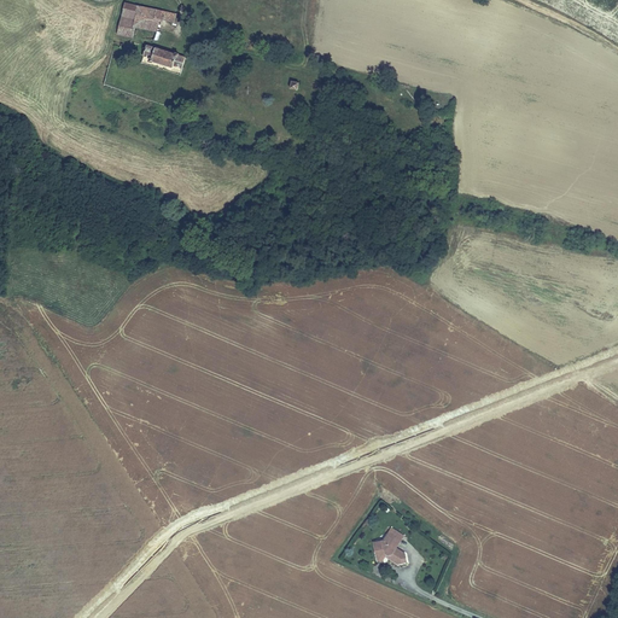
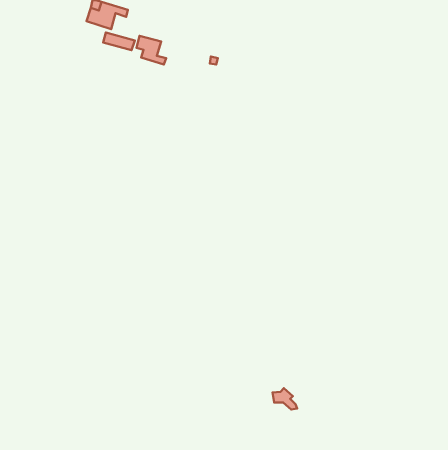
building: none -> [136,36,166,64]

